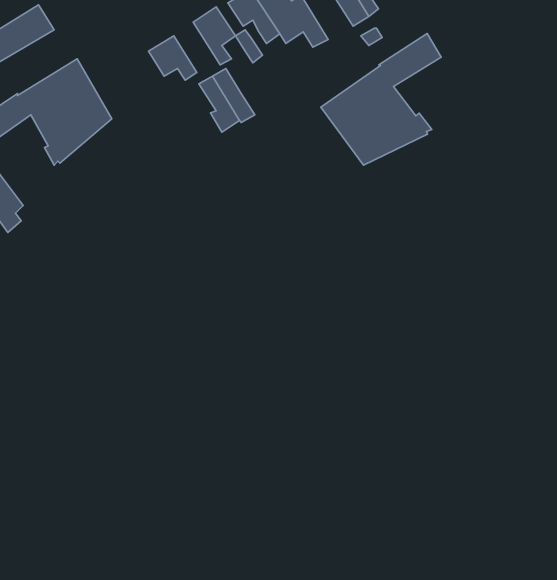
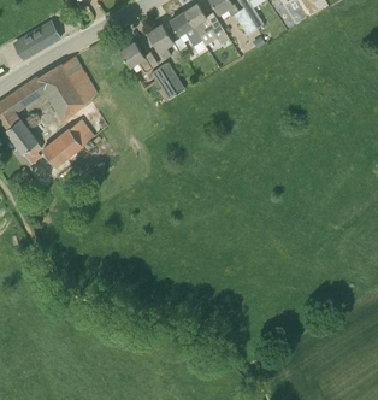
building: [321,33,441,165] -> none
building: none -> [42,119,93,166]

